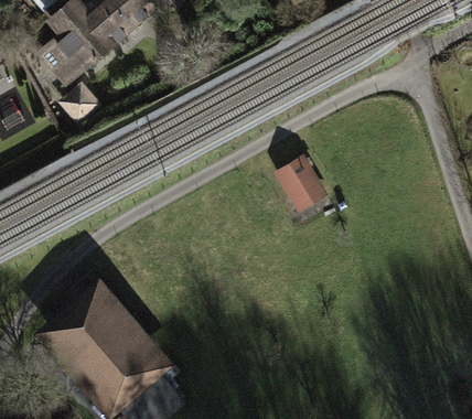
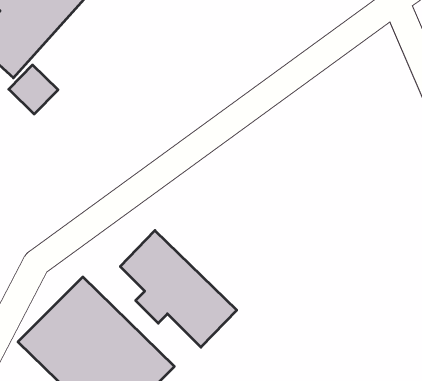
building: [276,159,329,218] -> none
building: none -> [120,230,237,347]

